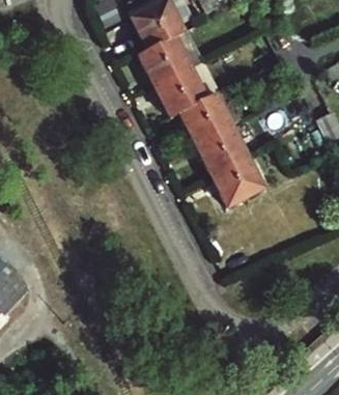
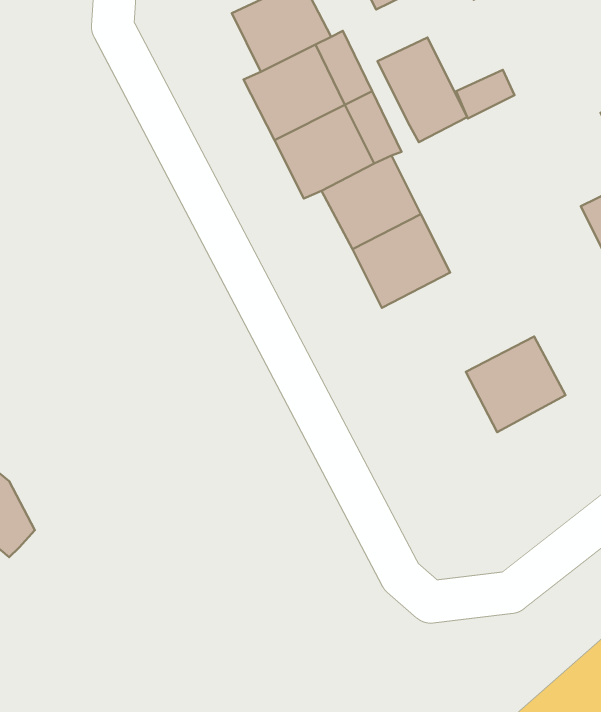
building: none -> [378,38,467,142]
building: [209,154,262,205] -> [466,337,565,432]

